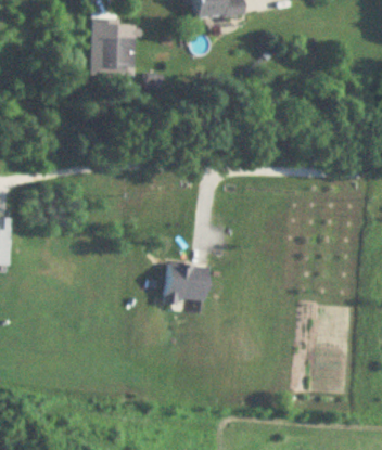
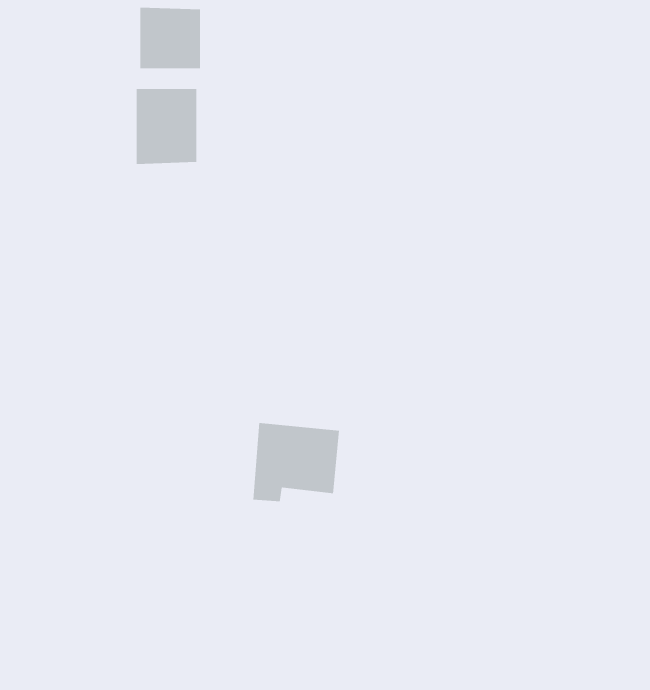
building: none -> [136,88,197,165]

